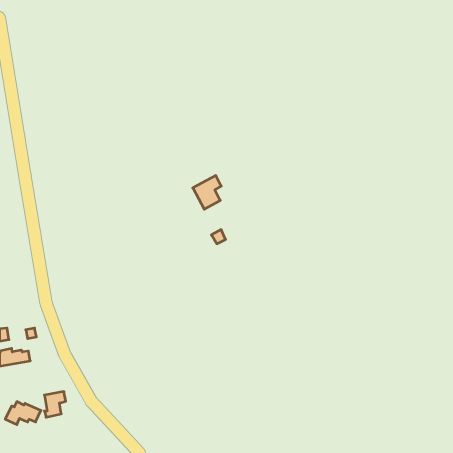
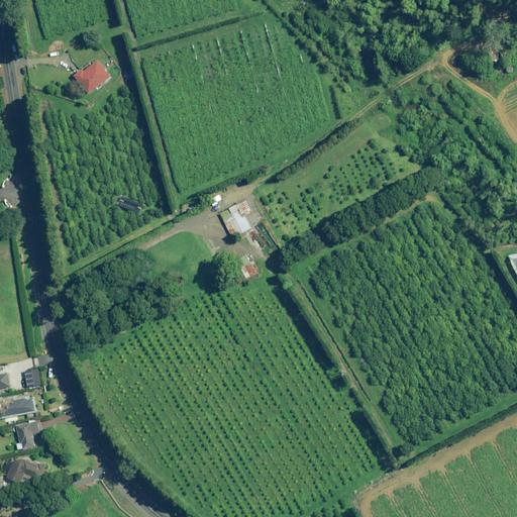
building: none -> [74,61,111,94]
building: [44,392,66,417] -> [16,421,40,450]

